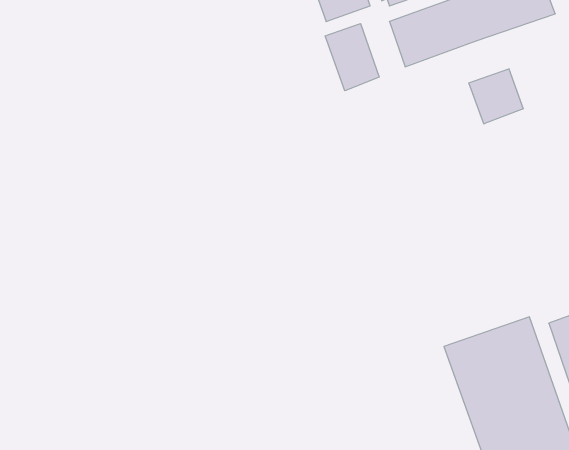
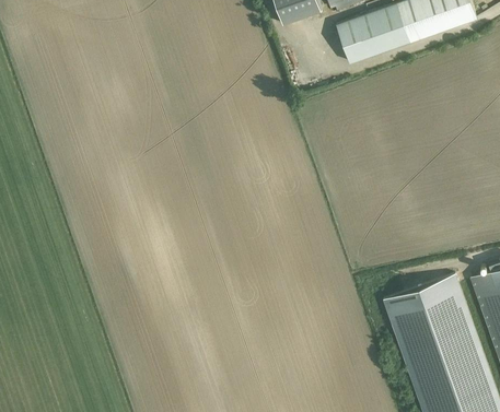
building: [325,24,379,91] -> none
building: [469,69,523,124] -> none

